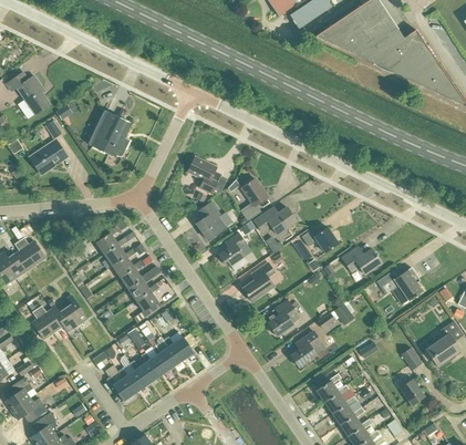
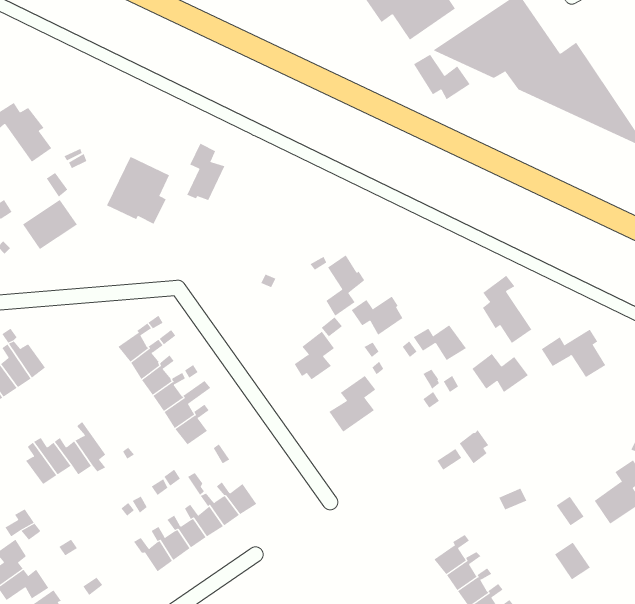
building: none -> [413,54,470,100]
building: none -> [187,143,225,201]
building: [187,156,218,194] -> none
building: none -> [482,275,532,344]
building: [196,203,221,240] -> none
building: [377,267,423,301] -> [541,329,606,378]
building: [269,300,301,337] -> none
building: [291,331,320,368] -> none

